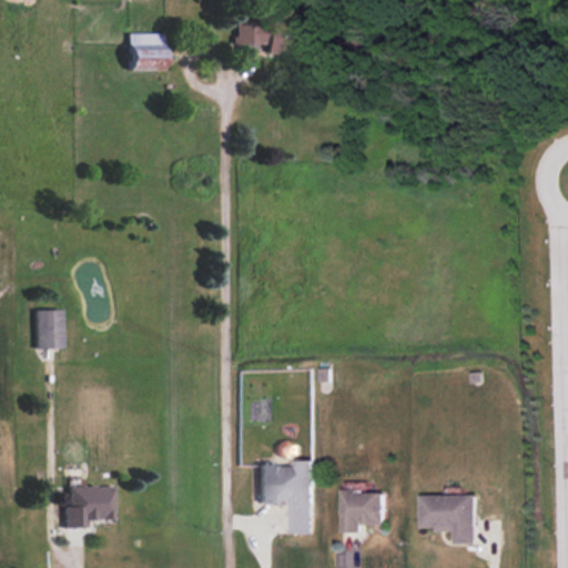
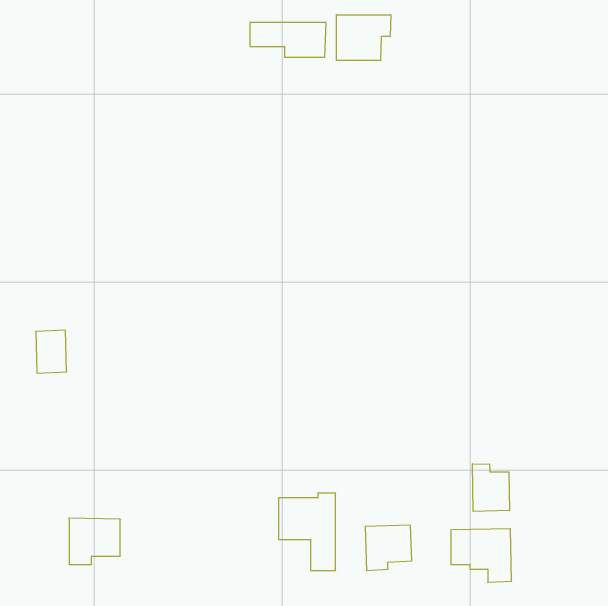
building: none -> [336,15,391,61]
building: [126,34,162,71] -> none
building: none -> [472,464,509,511]

